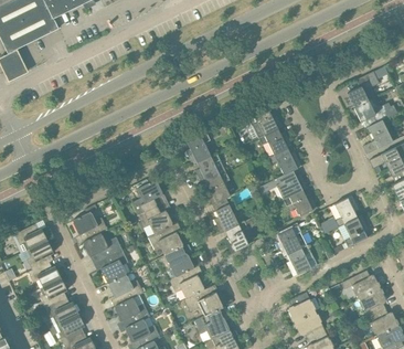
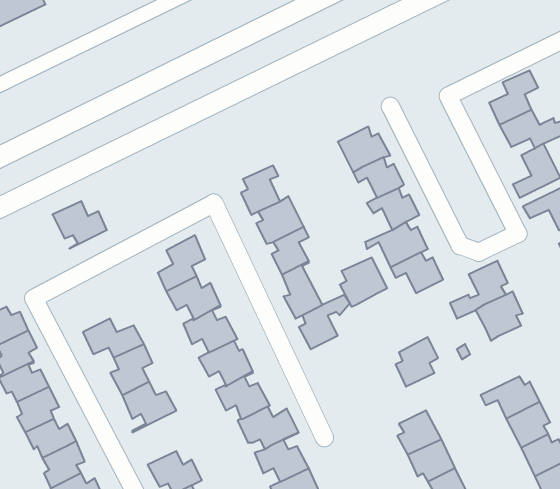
building: [72,211,107,242] -> [52,201,107,249]
building: [276,225,307,257] -> [340,258,387,307]
building: [115,298,150,328] -> none

